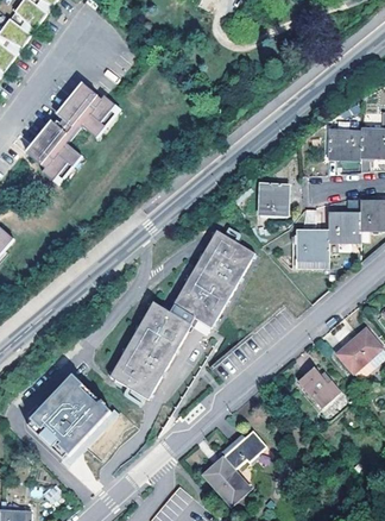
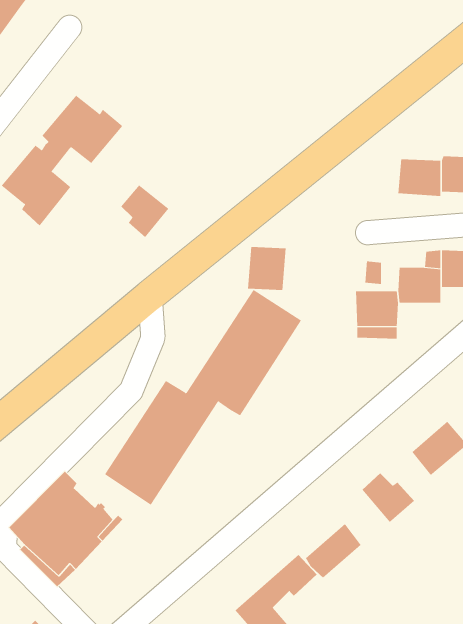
building: none -> [120,184,169,238]
building: [258,183,288,216] -> [247,247,286,290]
building: none -> [305,523,362,579]

